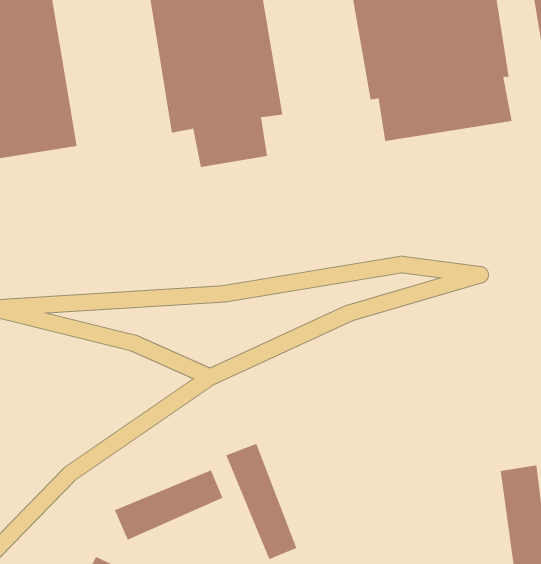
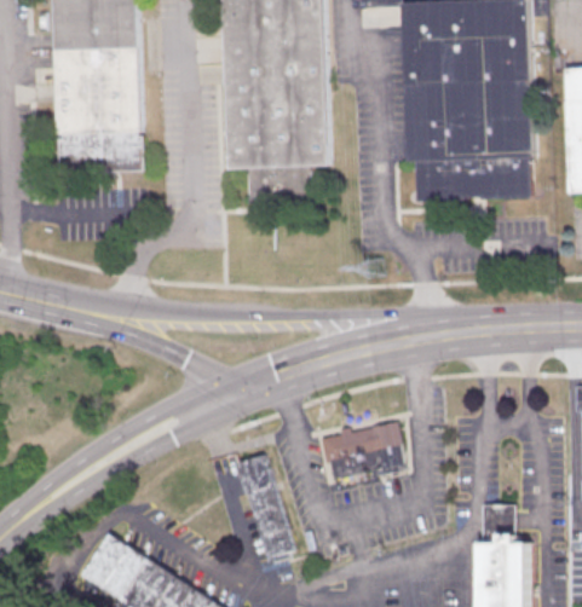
building: none -> [321,421,407,480]
building: [114,470,223,540] -> none

